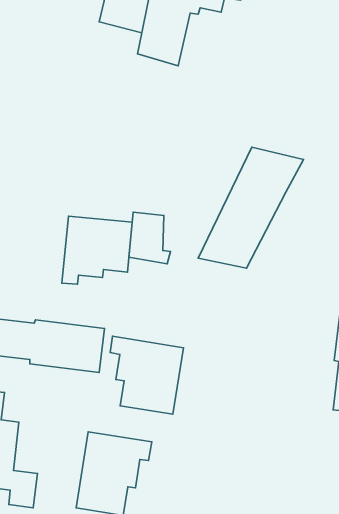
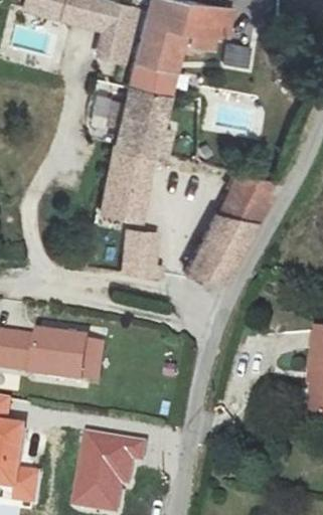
building: none -> [94,85,169,221]
building: [62,216,132,284] -> none
building: [110,336,184,414] -> none

